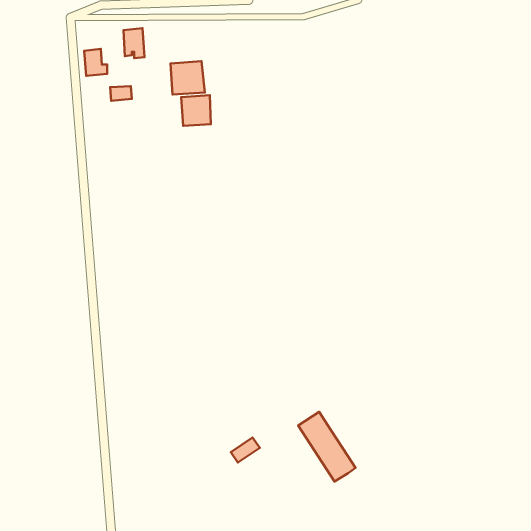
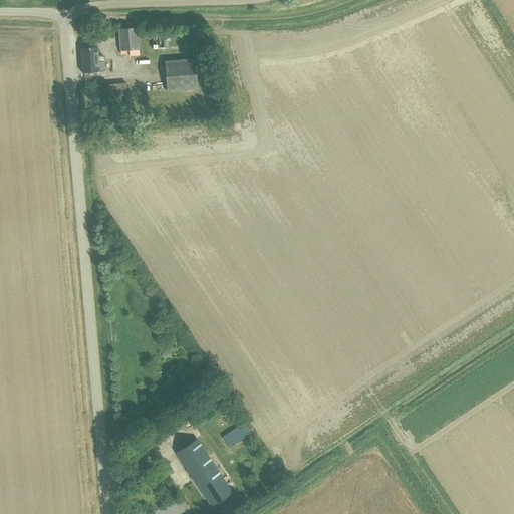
building: [181,95,211,126] -> none
building: [298,412,355,481] -> [177,439,232,506]

